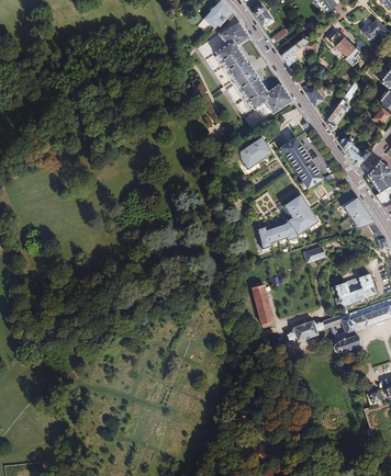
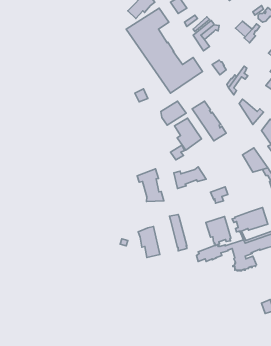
building: [283,194,317,235] -> [174,118,201,150]
building: none -> [137,169,164,202]
building: none -> [206,216,231,245]
building: none -> [138,226,160,258]

